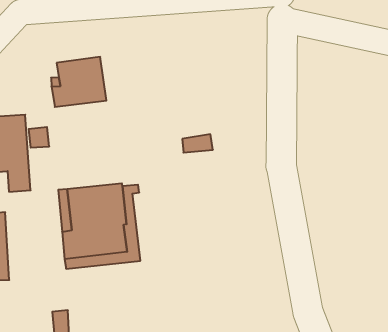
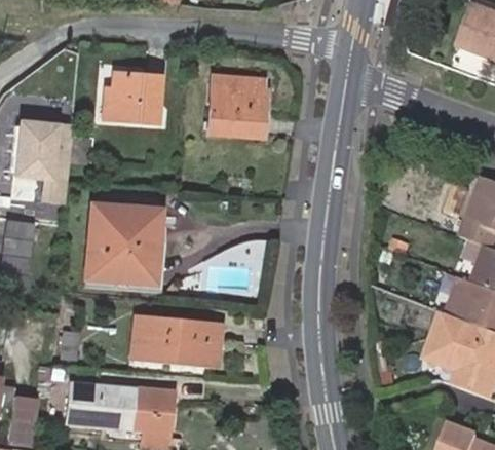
building: none -> [205,78,261,134]
building: none -> [128,320,218,367]

